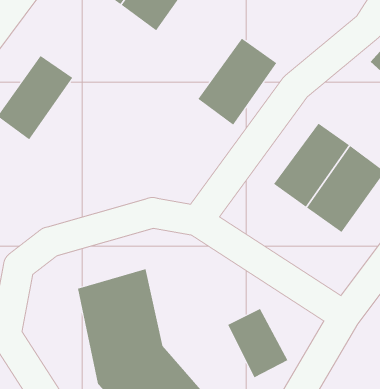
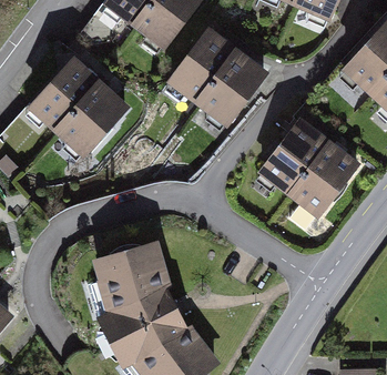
building: none -> [171,31,234,102]
building: none -> [57,84,123,158]
building: [228,308,288,378] -> none

